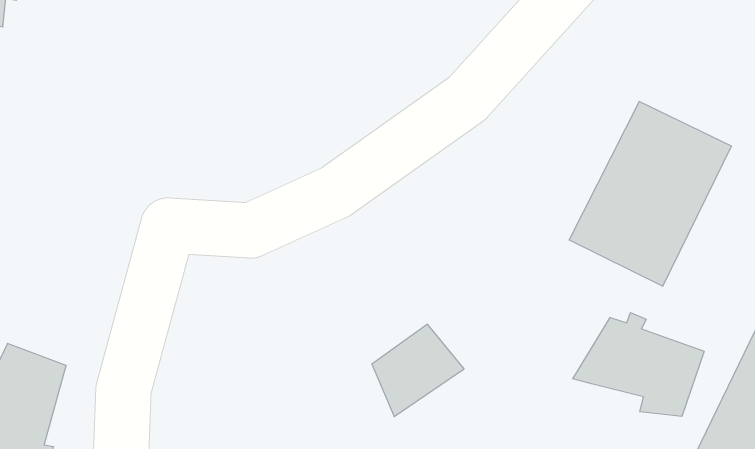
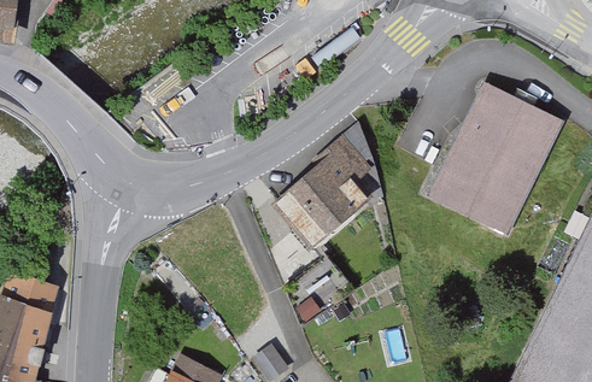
building: none -> [279,123,382,243]
building: [573,313,704,416] -> none

